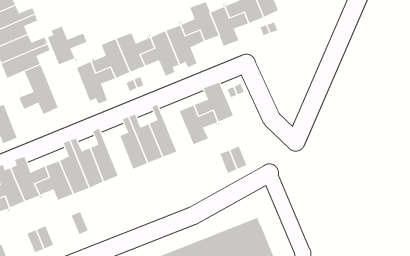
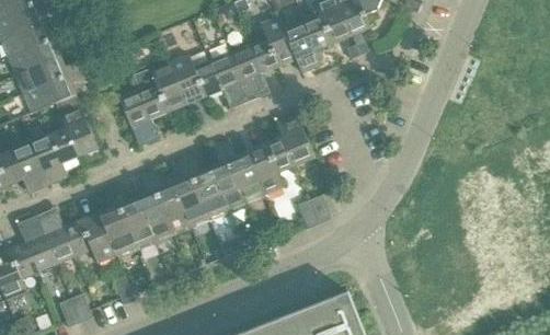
building: [47,26,87,65] -> none
building: none -> [30,132,78,186]
building: none -> [219,141,263,204]
building: none -> [147,171,188,233]

